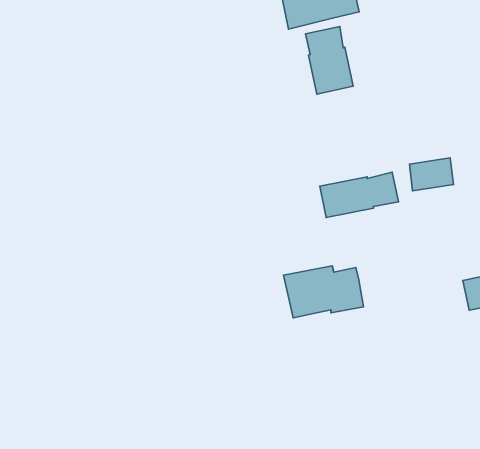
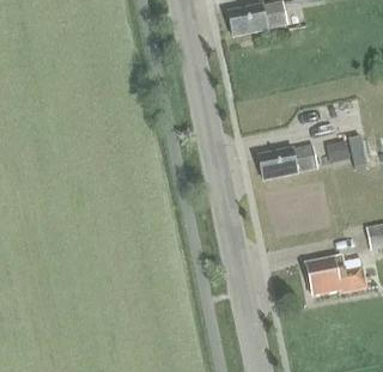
building: [305,27,353,94] -> none
building: [284,266,364,318] -> [306,255,367,294]

